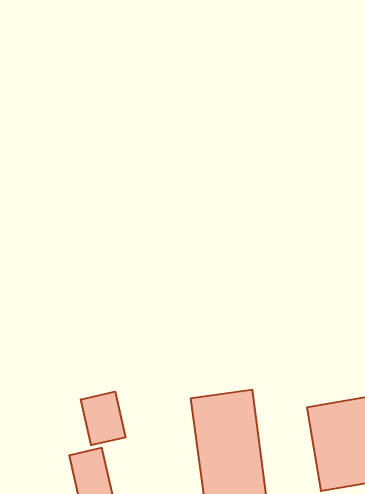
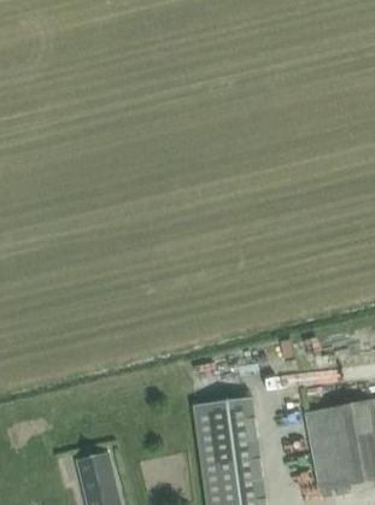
building: [81,392,126,445] -> none

